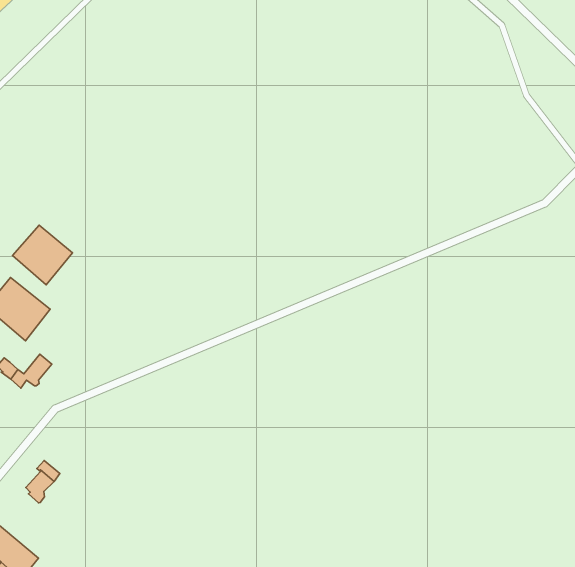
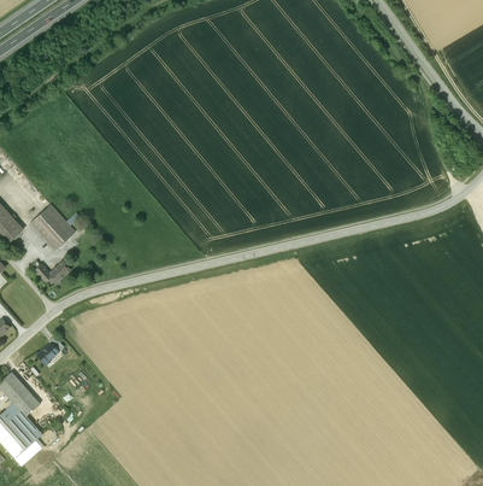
building: [13,225,72,285] -> none

